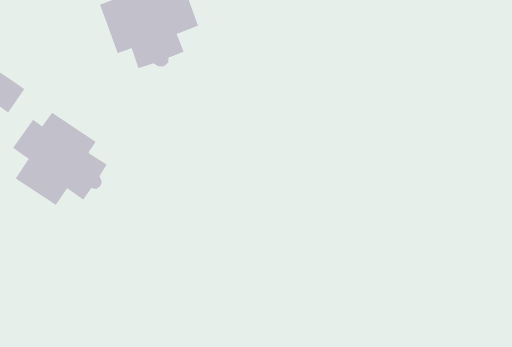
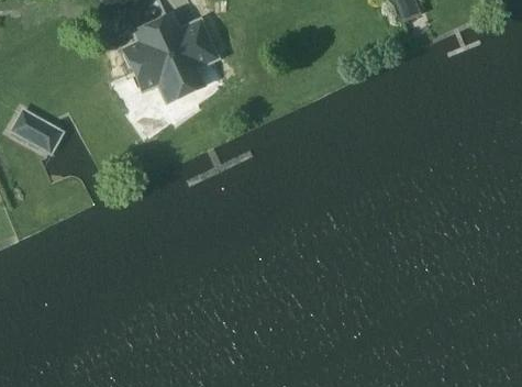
building: [12,112,107,206] -> none

